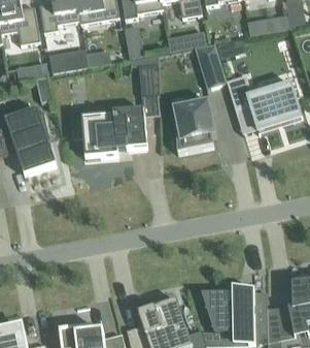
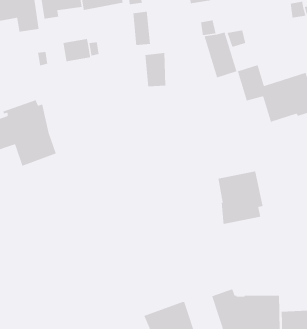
building: [172,100,215,152] -> [217,170,263,225]
building: [71,107,146,158] -> none

